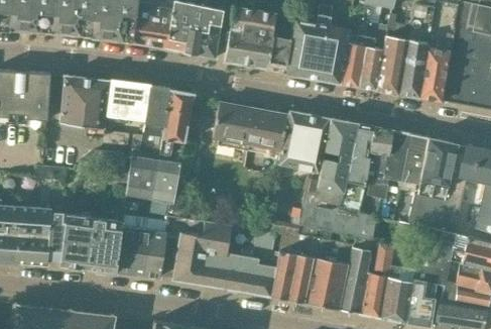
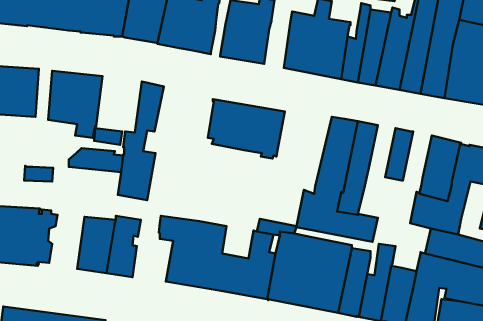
building: [268,26,293,73] -> none
building: [107,81,150,124] -> none
building: [151,91,196,205] -> none
building: [274,111,334,195] -> none
building: [368,128,395,201] -> none
building: [400,134,431,194] -> none
building: [59,211,95,267] -> none
building: [141,220,167,279] -> none

